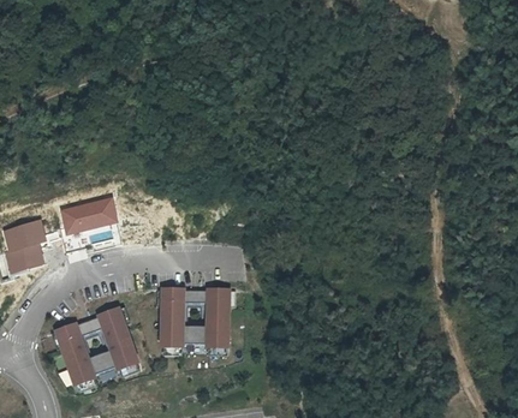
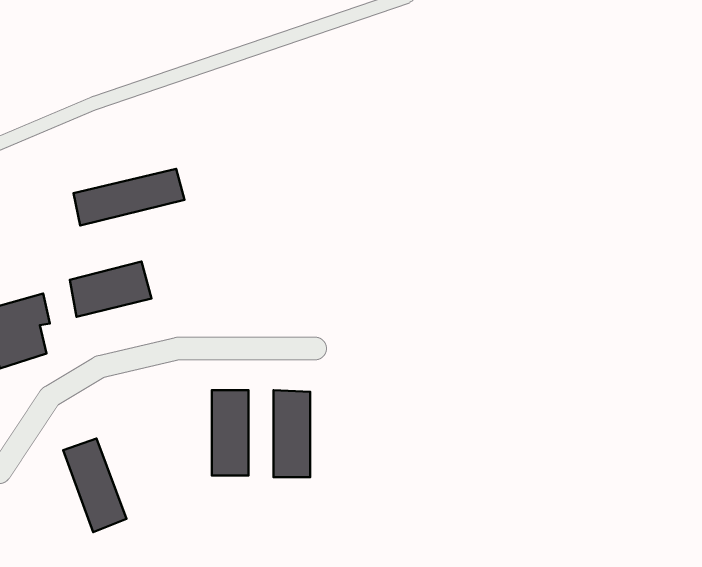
building: none -> [74,169,185,225]
building: [96,307,141,374] -> none

